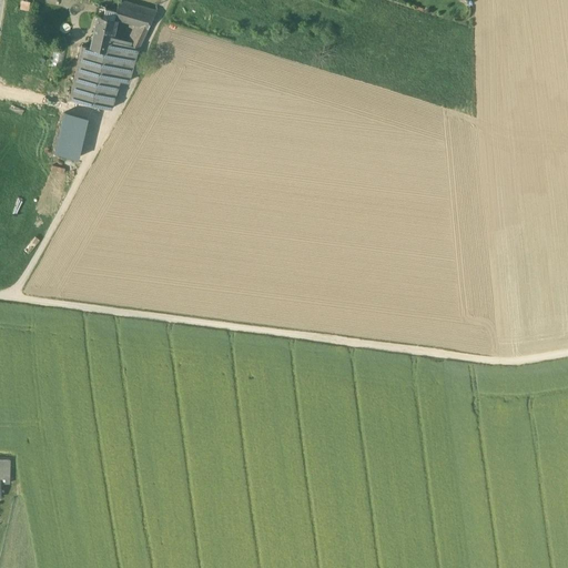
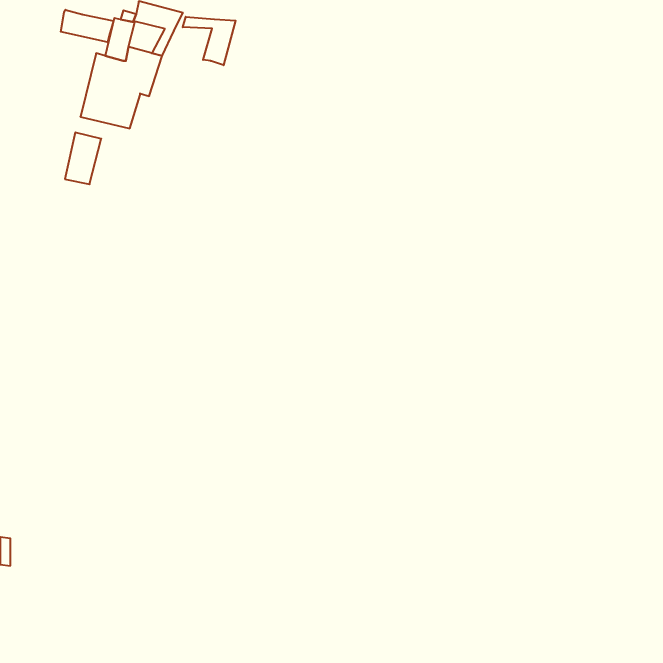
building: none -> [61,10,114,42]
building: none -> [183,17,236,65]

